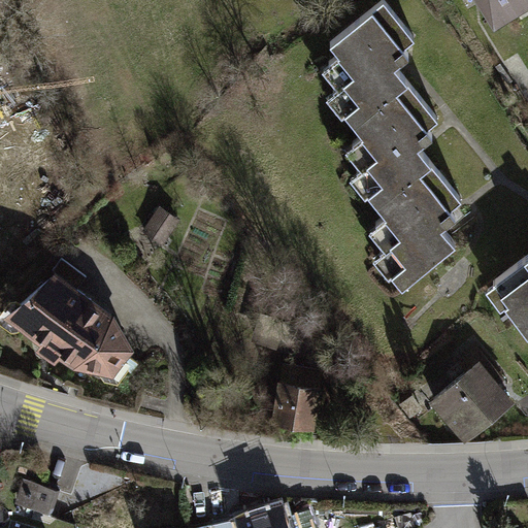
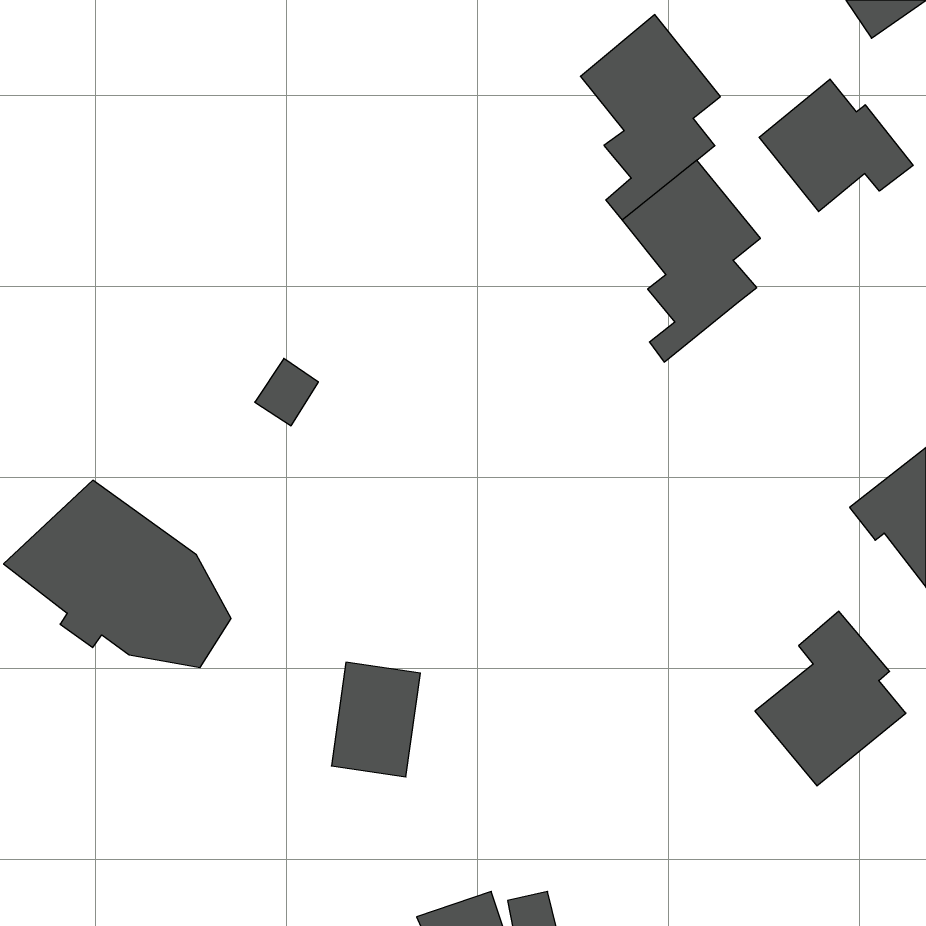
building: none -> [759,79,913,212]
building: [376,173,455,290] -> none
building: [271,372,322,437] -> [331,662,420,777]
building: [15,481,60,517] -> none

